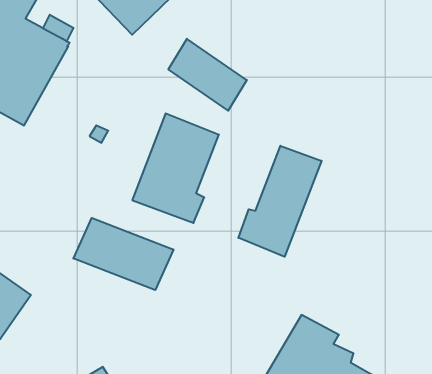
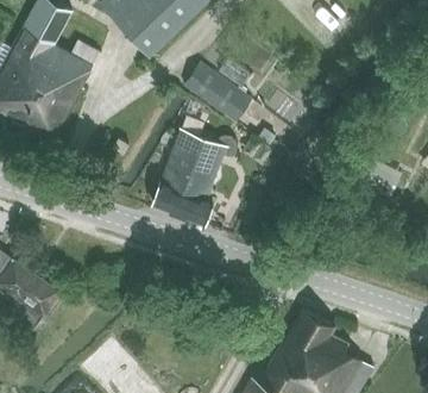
building: [238,146,322,257] -> none
building: [73,218,173,290] -> none

